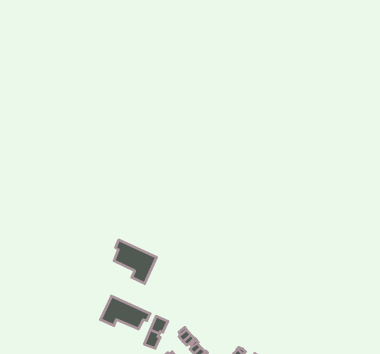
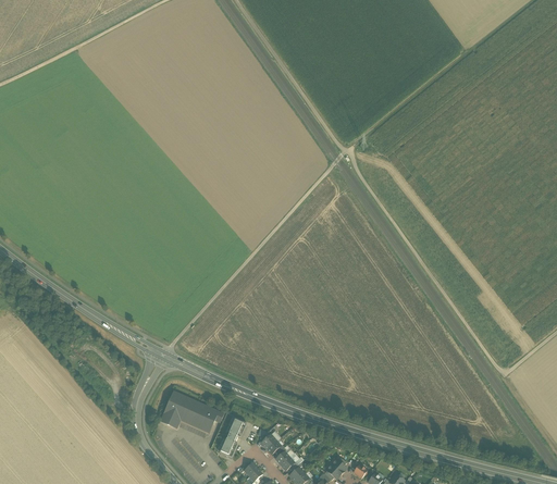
building: [114,240,156,284] -> none

